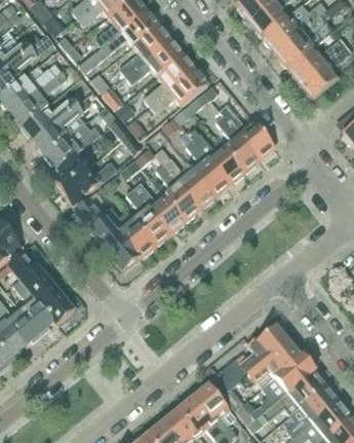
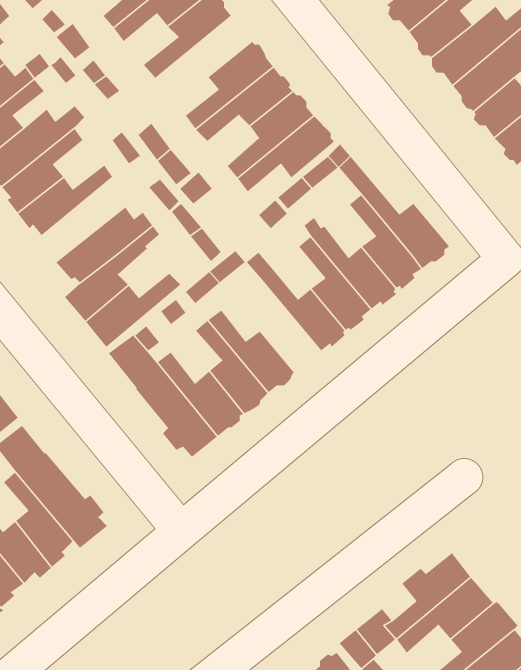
building: [79,10,159,74] -> none
building: [35,105,84,155] -> none
building: [156,164,199,220] -> none

